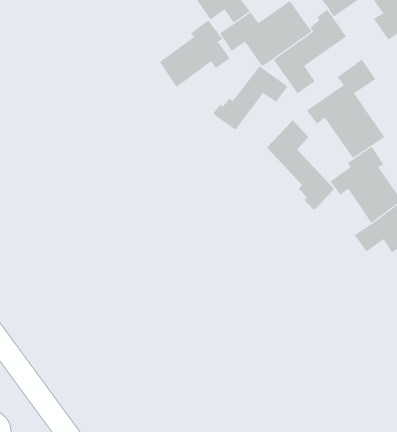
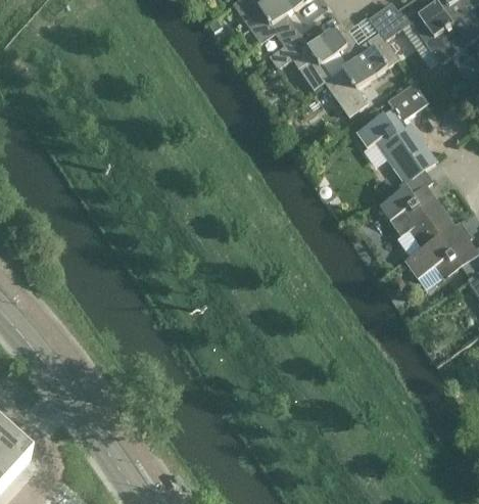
building: [159,20,231,88] -> none
building: [213,65,289,130] -> none
building: [266,120,335,211] -> none

